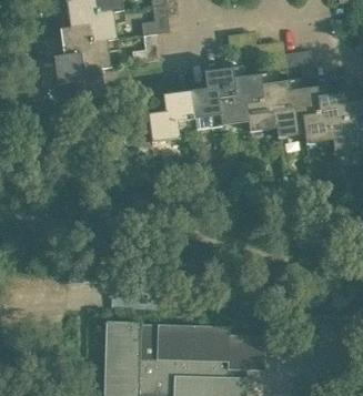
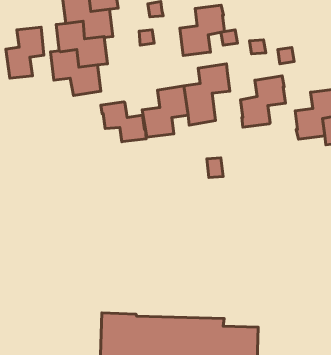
building: none -> [6,27,44,78]
building: [218,73,263,124] -> [180,5,225,55]
building: [274,85,320,138] -> none
building: none -> [101,102,146,142]

